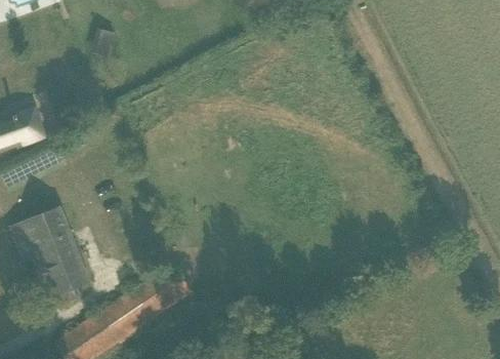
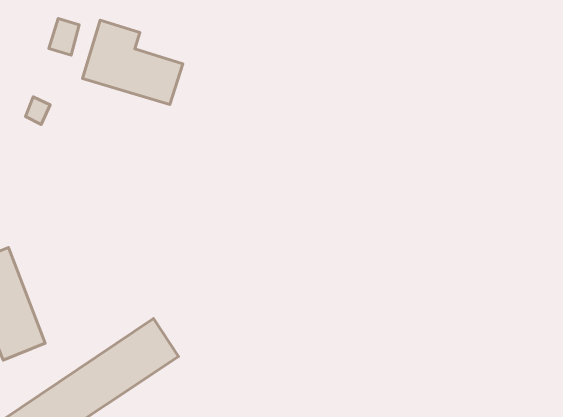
building: none -> [83,20,183,104]

